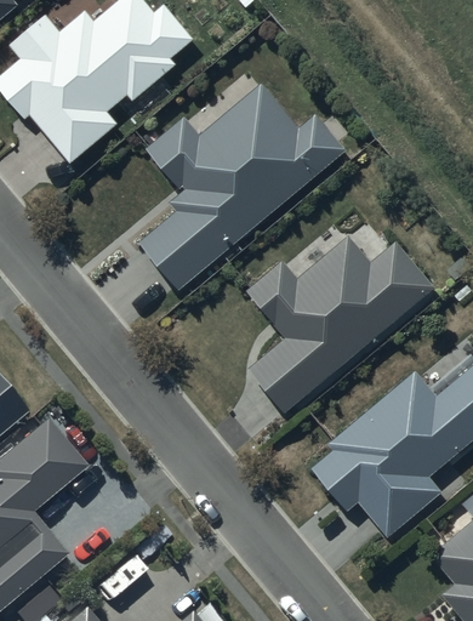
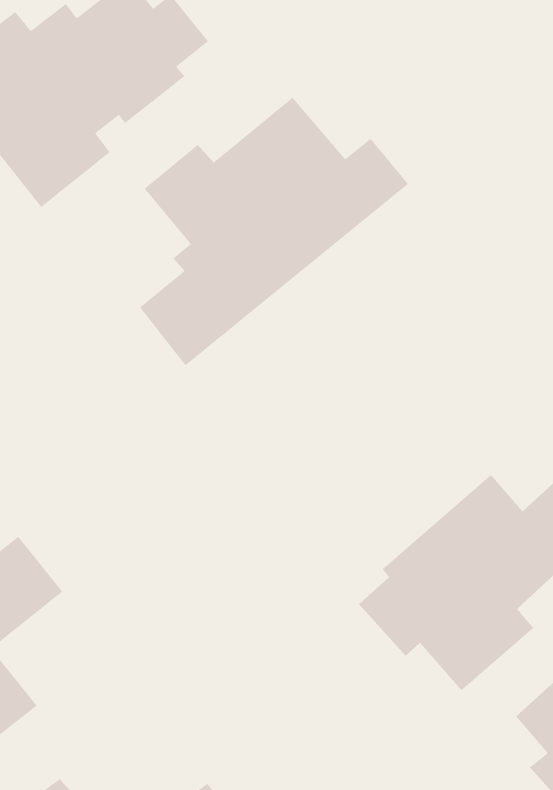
building: [246,235,432,414] -> none

